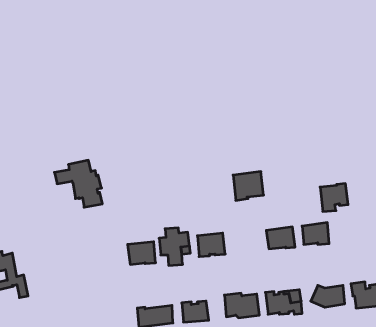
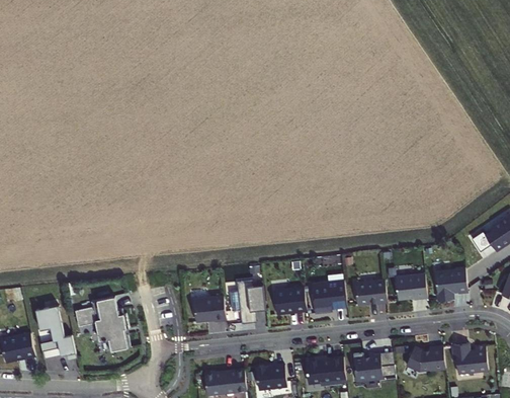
building: [54,160,102,207] -> [75,296,131,350]
building: [233,172,264,200] -> [311,280,346,313]
building: [320,184,348,211] -> [434,267,466,300]

